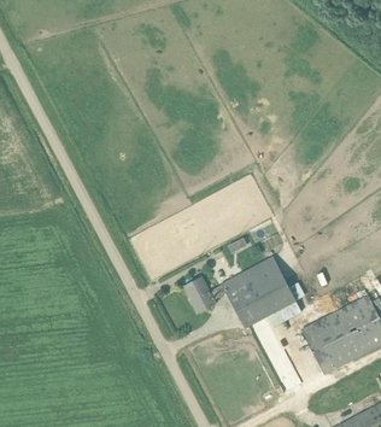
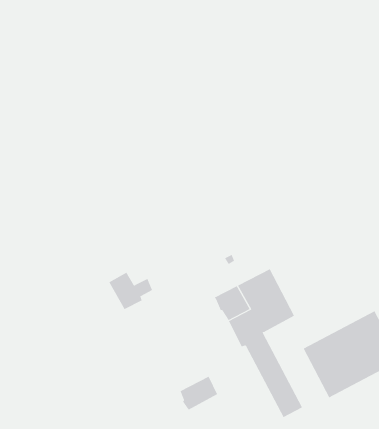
building: [184,276,225,311] -> [108,272,153,310]
building: none -> [180,376,218,411]

